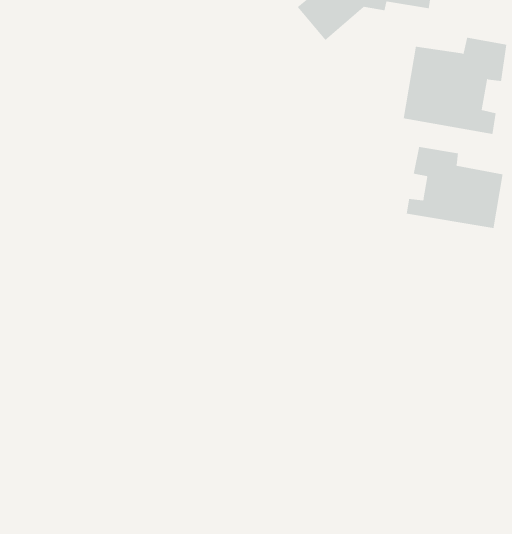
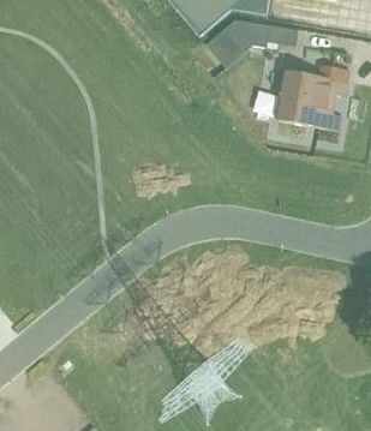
building: [406,146,503,229] -> none

